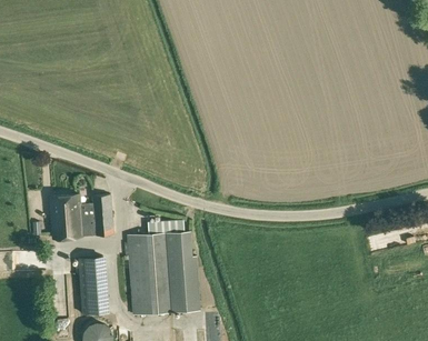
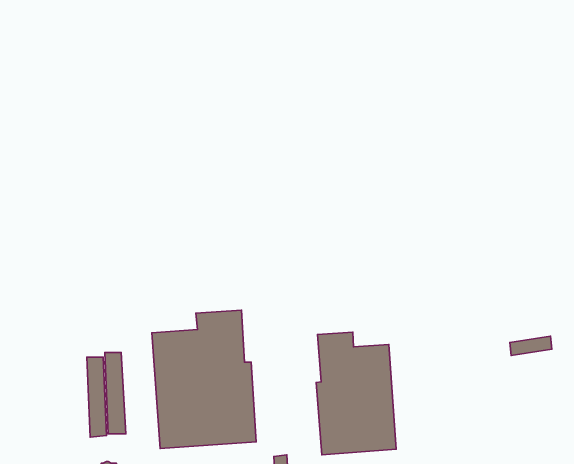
building: [50,193,113,237] -> none
building: none -> [316,332,396,455]

